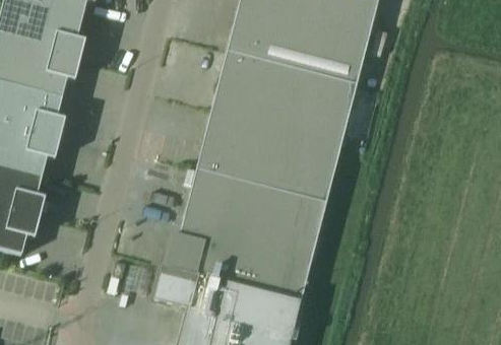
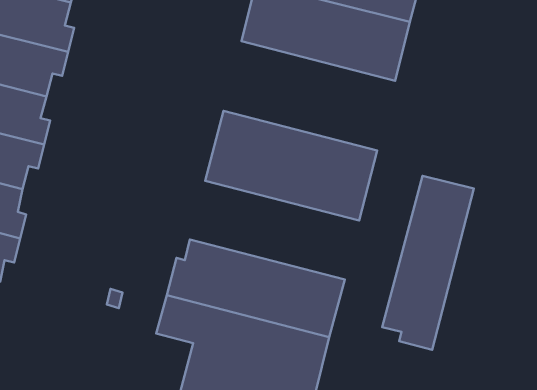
building: [211,50,357,142] -> none
building: none -> [382,176,474,350]
building: [183,167,326,251] -> none

